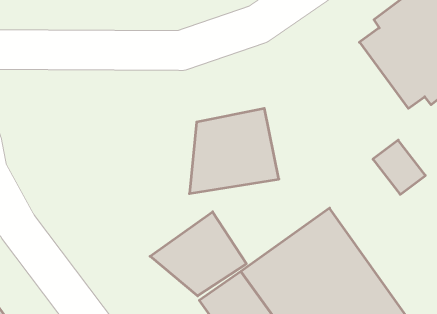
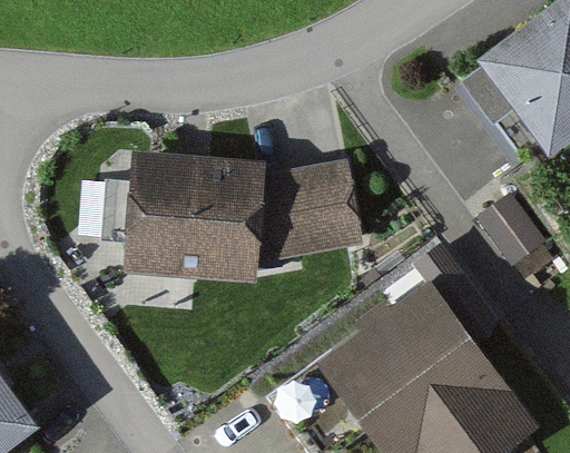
building: none -> [124,149,266,282]
building: [150,212,246,296] -> none

